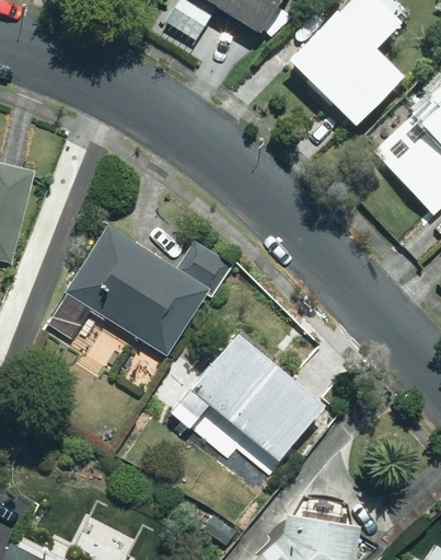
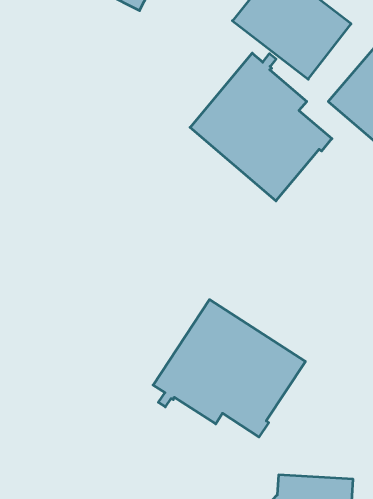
building: none -> [190,53,332,201]
building: [50,224,234,357] -> none

